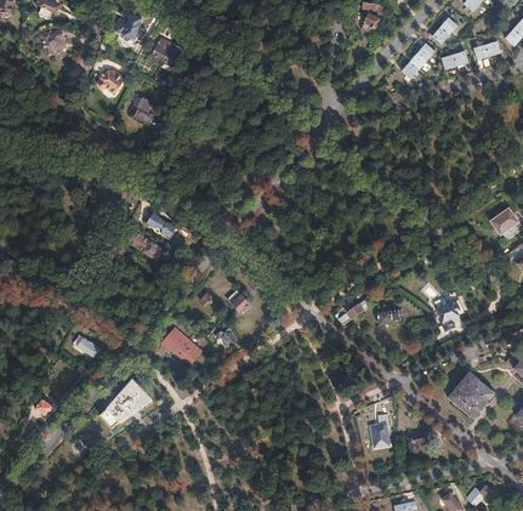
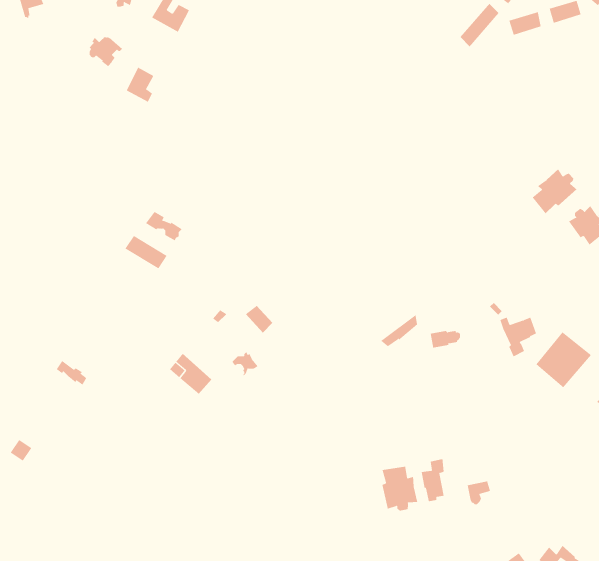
building: none -> [532,168,578,214]
building: [448,371,494,418] -> [535,331,592,388]
building: [98,377,150,427] -> none
building: none -> [382,466,418,512]

